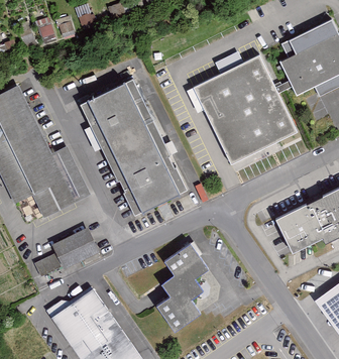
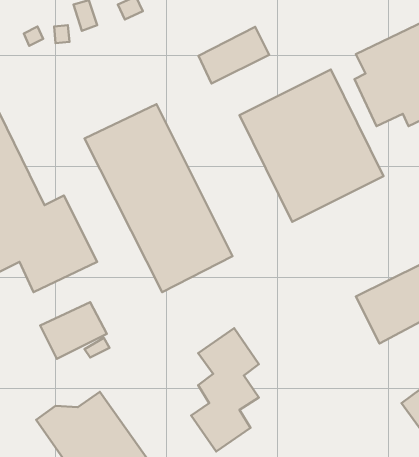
building: none -> [199,27,269,83]
building: [31,250,59,274] -> none

